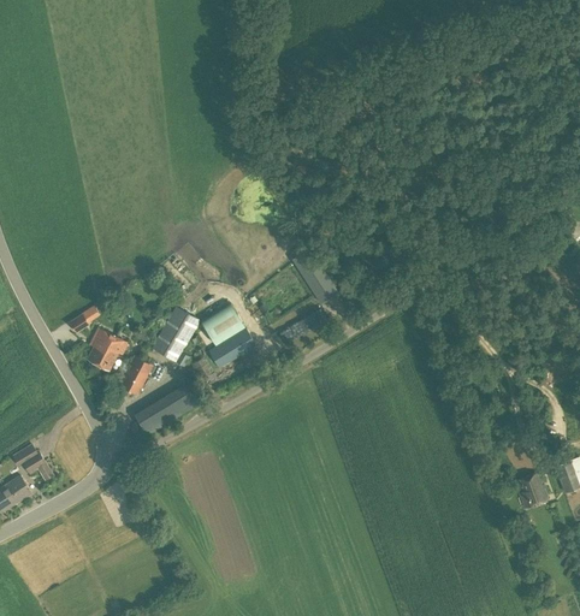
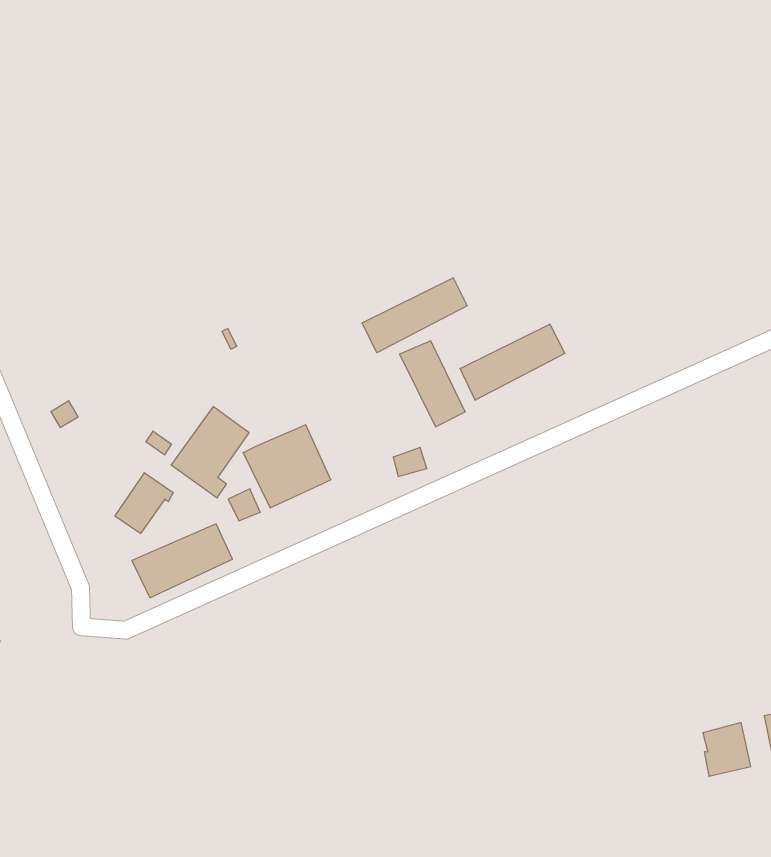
building: none -> [362,278,467,353]
building: none -> [460,324,565,400]
building: [88,327,128,371] -> none

